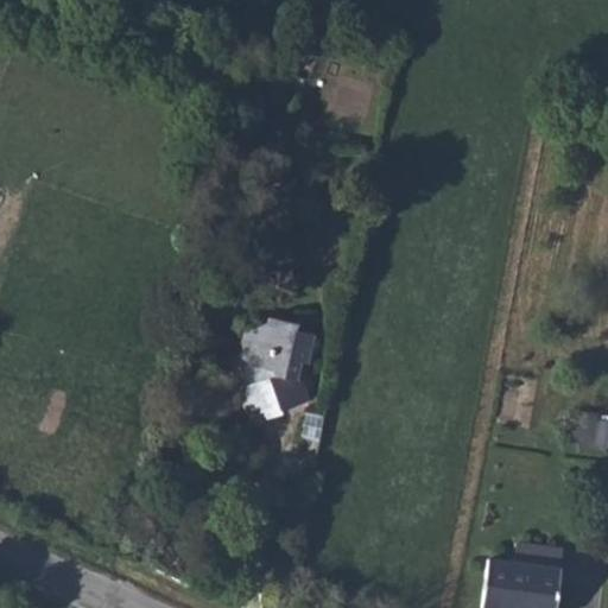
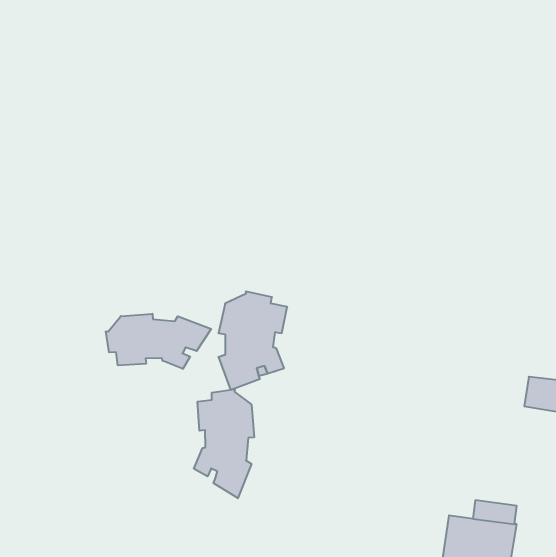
building: none -> [106,314,211,369]
building: none -> [194,389,254,498]

